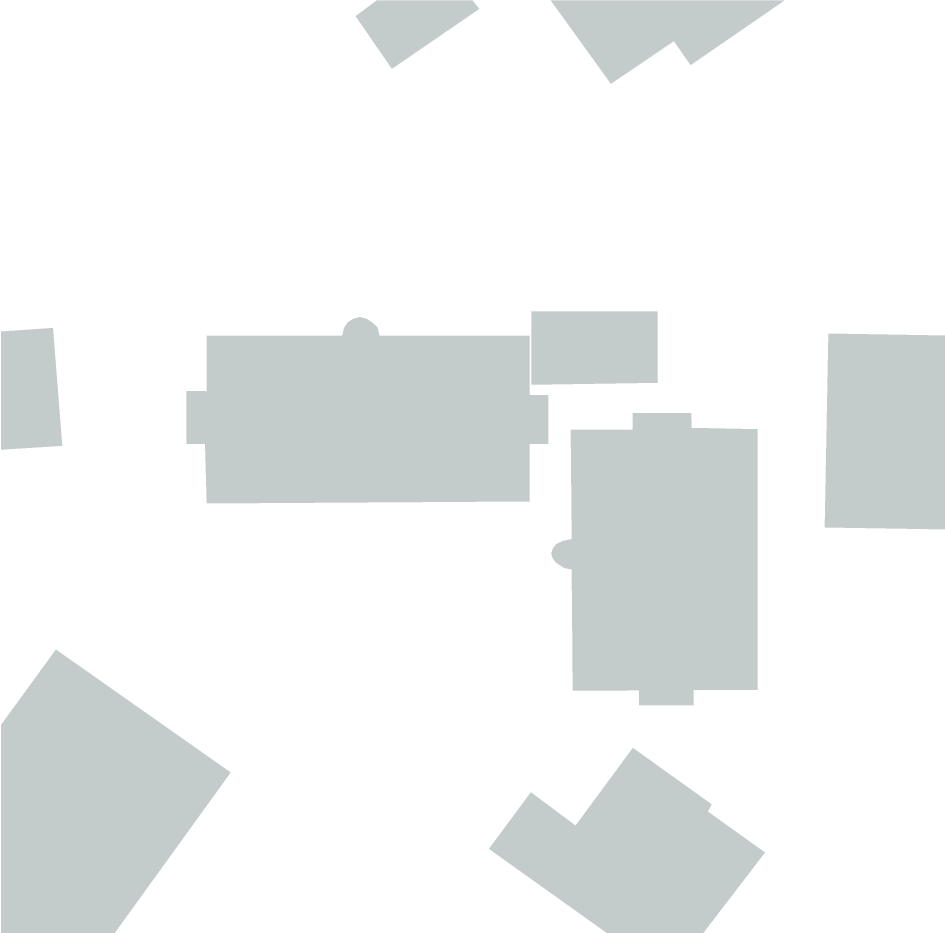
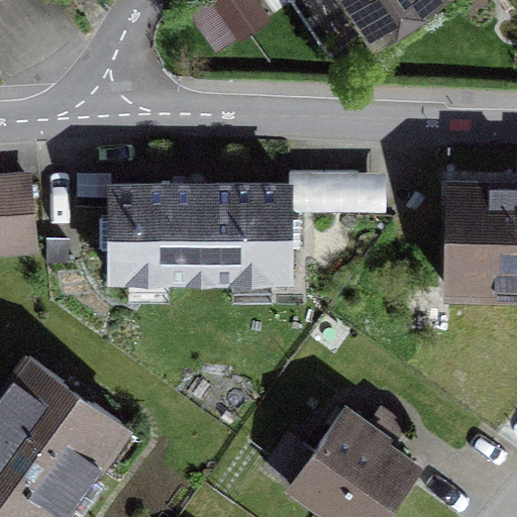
building: [551,412,758,706] -> none

